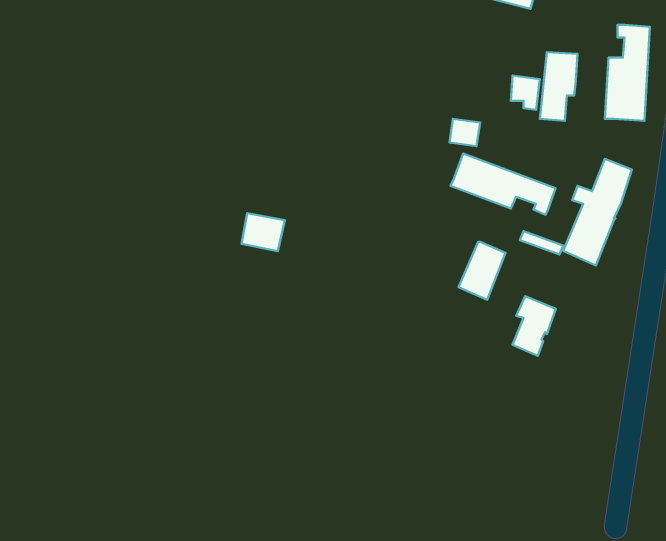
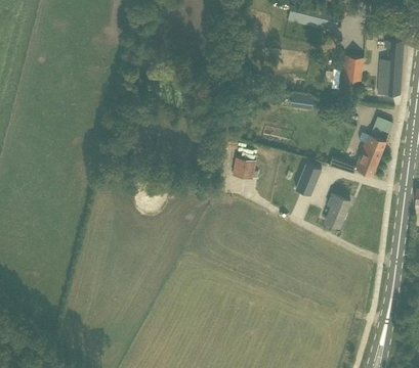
building: [450,153,556,215] -> none
building: [242,213,285,251] -> [232,157,256,179]

